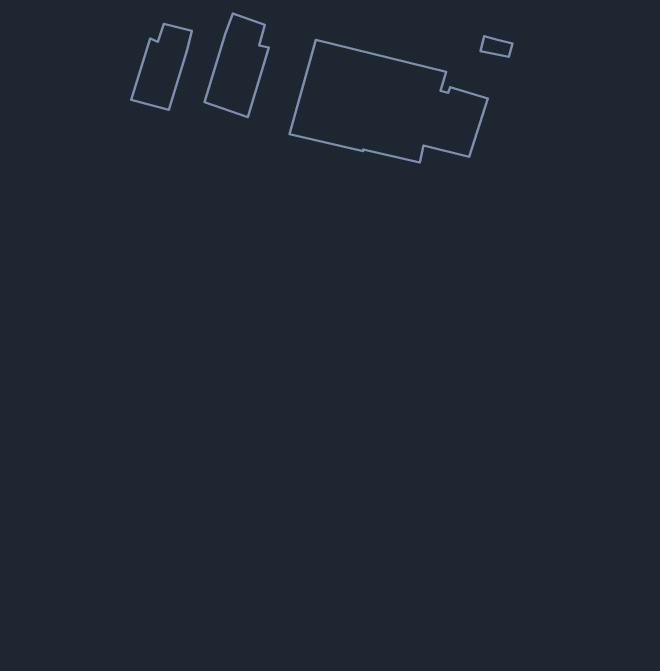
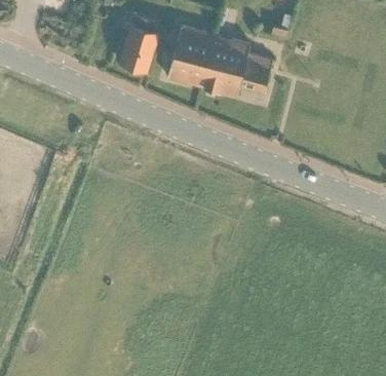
building: [131,24,192,110] -> none

